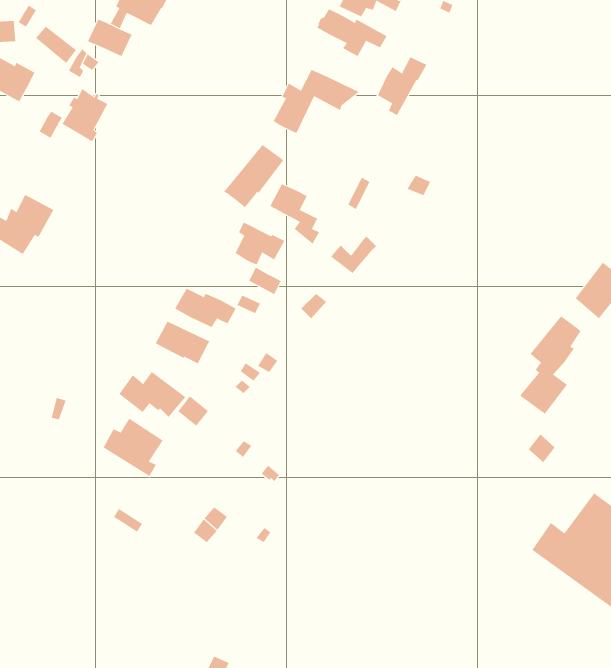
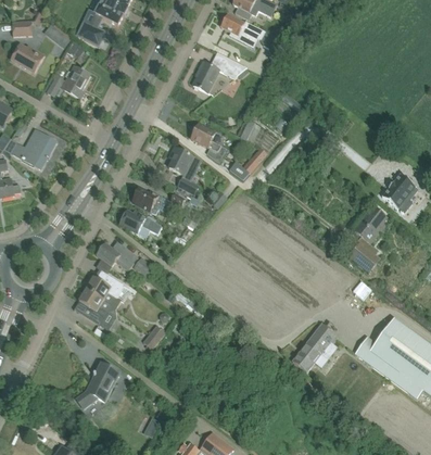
building: [377,56,427,116] -> none
building: [223,144,284,208] -> none
building: none -> [78,289,116,325]
building: none -> [292,323,338,371]
building: none -> [77,363,119,407]

